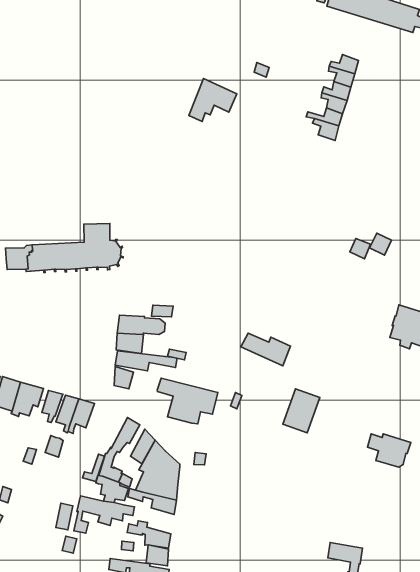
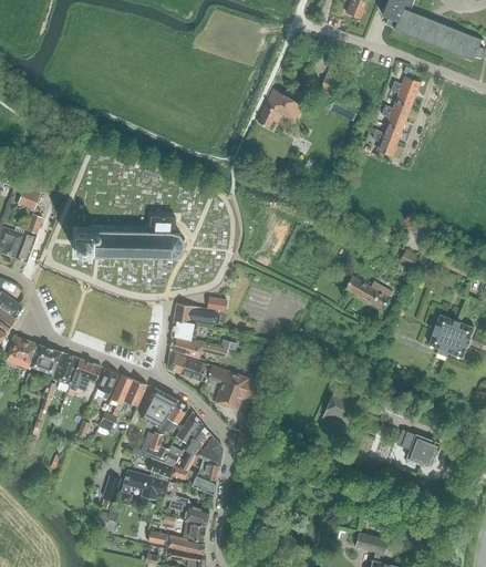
building: [241,333,291,366] -> [344,276,391,309]
building: none -> [180,358,211,381]
building: none -> [141,388,177,427]

